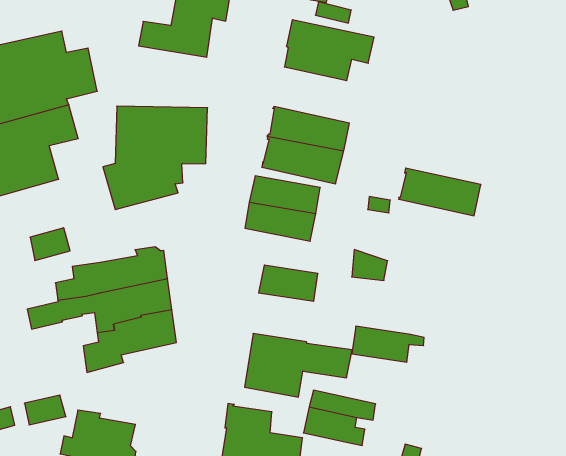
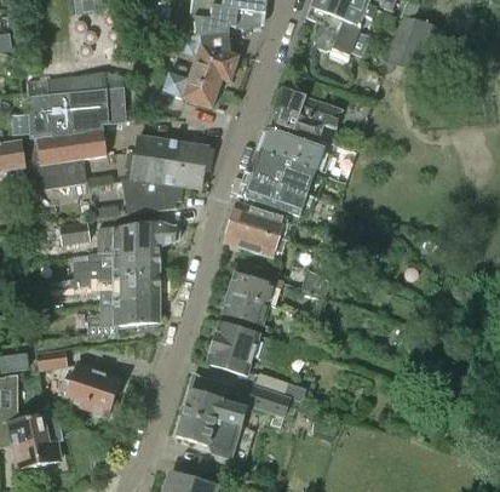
building: [399,168,481,216] -> [259,128,323,172]
building: none -> [99,221,180,252]
building: [352,326,424,362] -> [222,292,278,325]

